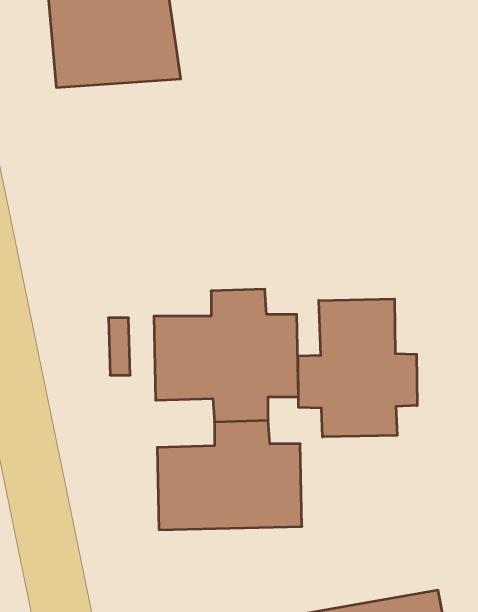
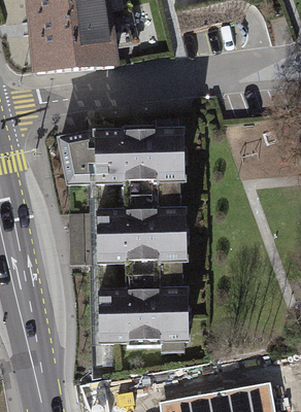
building: none -> [59,132,182,198]
building: [298,299,417,437] -> none

